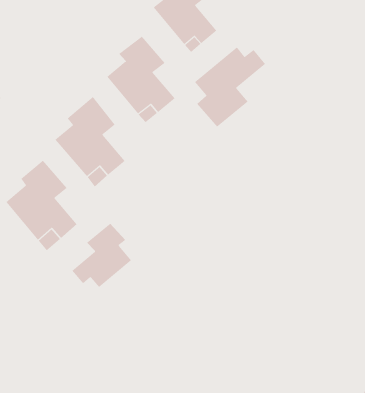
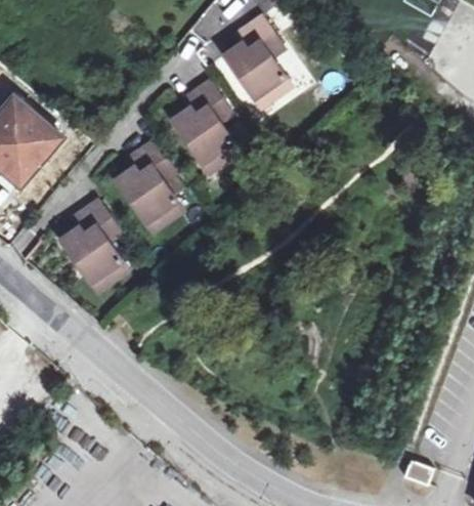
building: [194,46,266,128] -> none
building: [71,223,132,288] -> none

